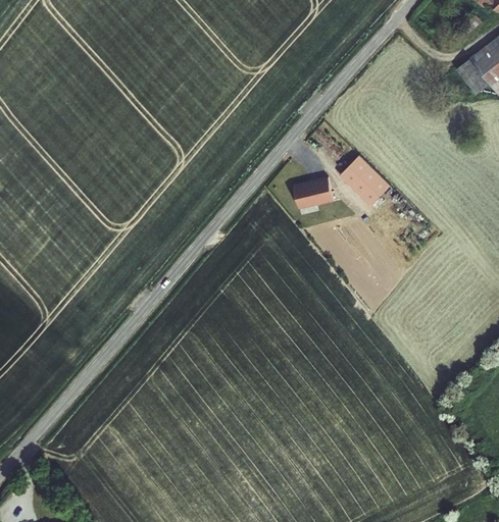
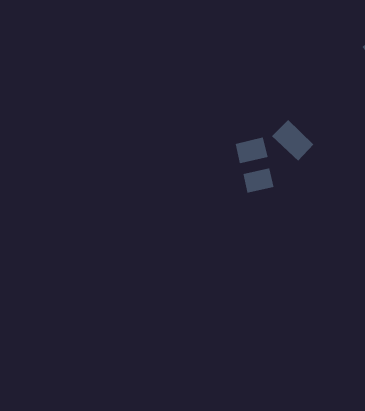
building: none -> [243,168,274,194]

